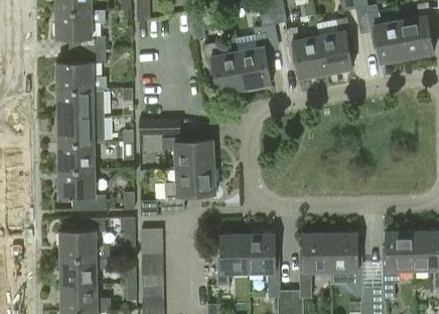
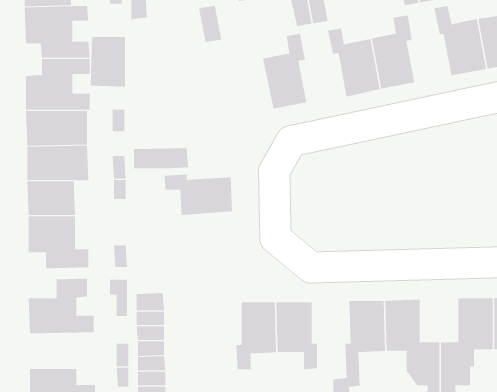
building: none -> [90,36,125,87]
building: [204,43,244,95] -> none
building: [160,167,215,215] -> none
building: [59,259,109,286] -> none

